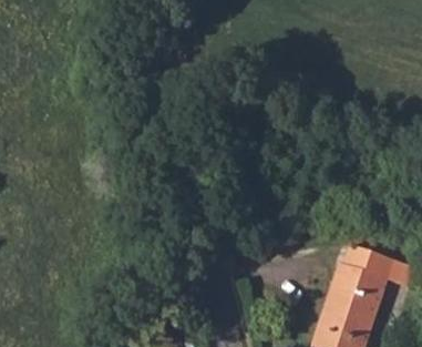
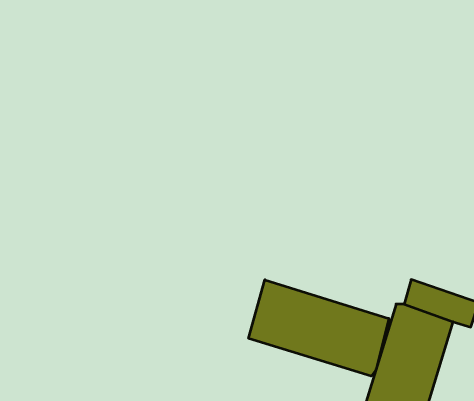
building: none -> [249,280,389,376]

